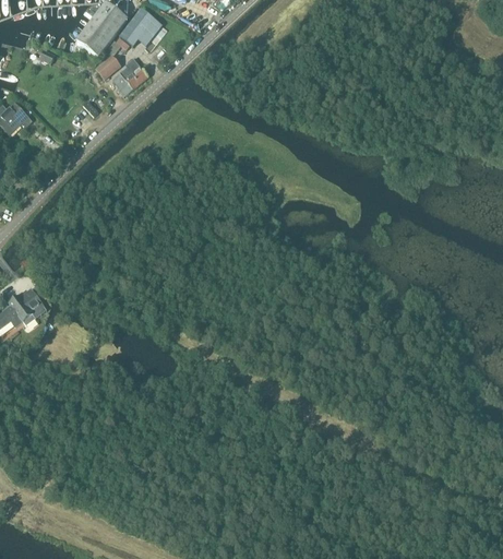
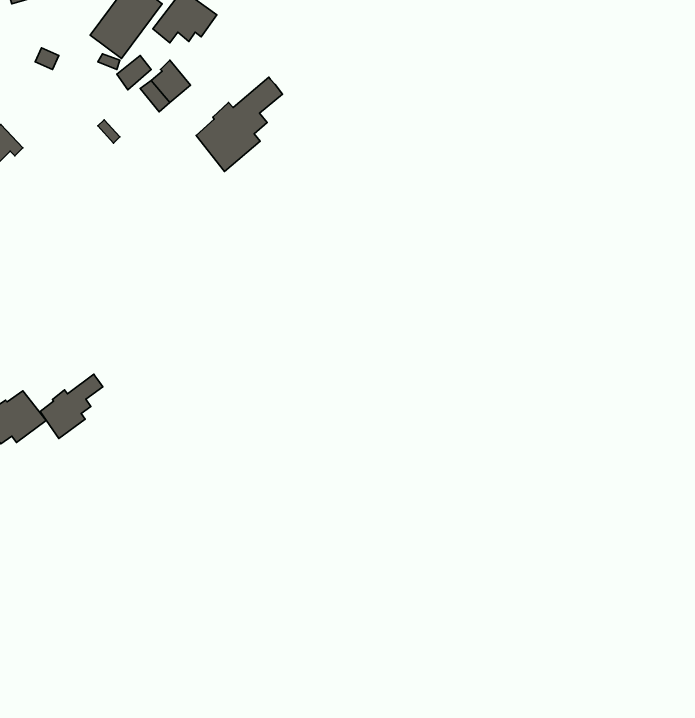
building: none -> [196,77,282,171]
building: none -> [40,374,103,439]

